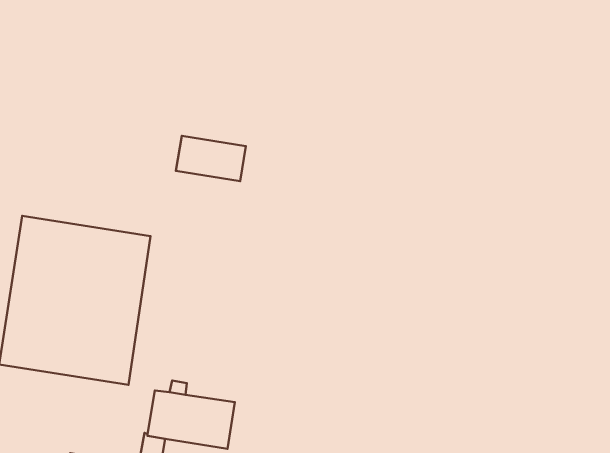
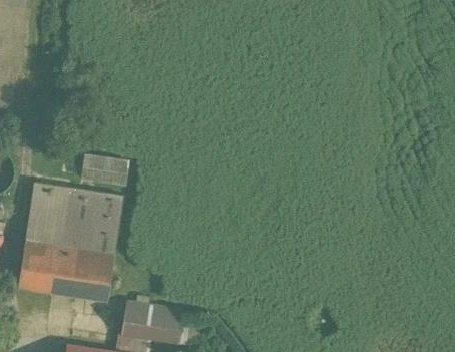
building: [176,136,246,181] -> [81,153,129,185]

